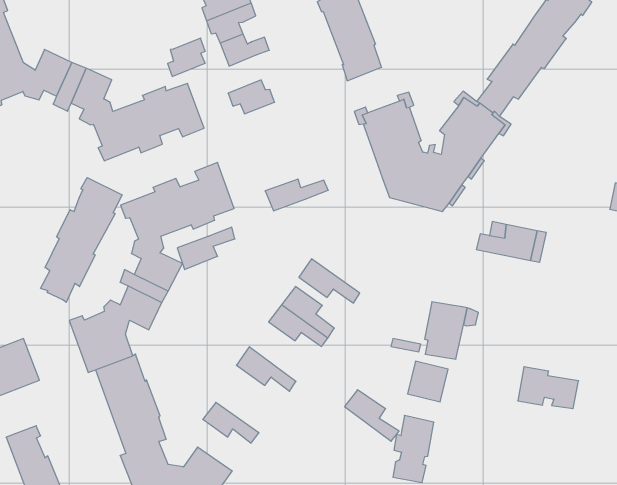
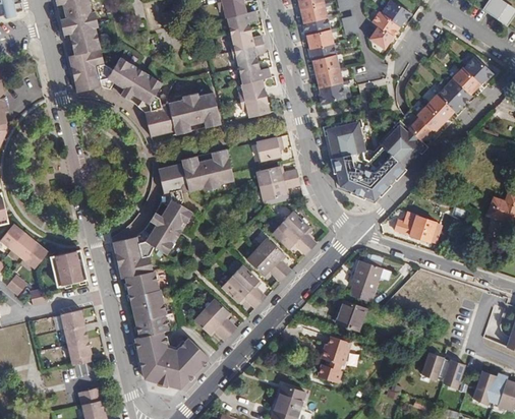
building: [168,38,205,76] -> [237,78,264,102]
building: none -> [255,135,282,160]
building: [41,178,122,302] -> none
building: [177,227,235,270] -> [260,176,299,200]
building: none -> [281,211,316,248]
building: [518,367,579,409] -> [419,350,462,382]
building: none -> [204,298,236,334]
building: [345,390,399,441] -> [231,264,266,302]

